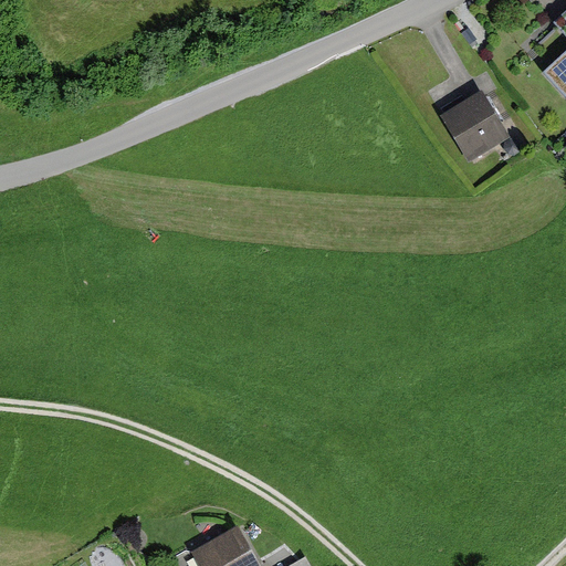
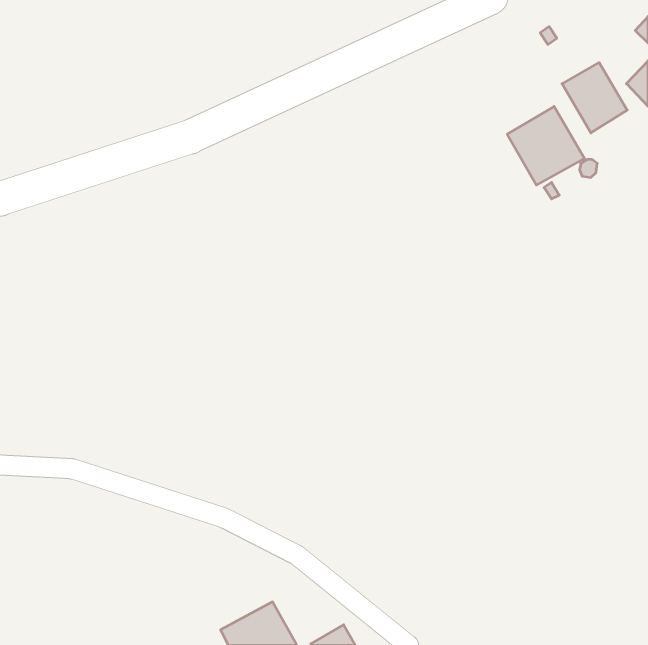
building: none -> [562,63,627,133]

